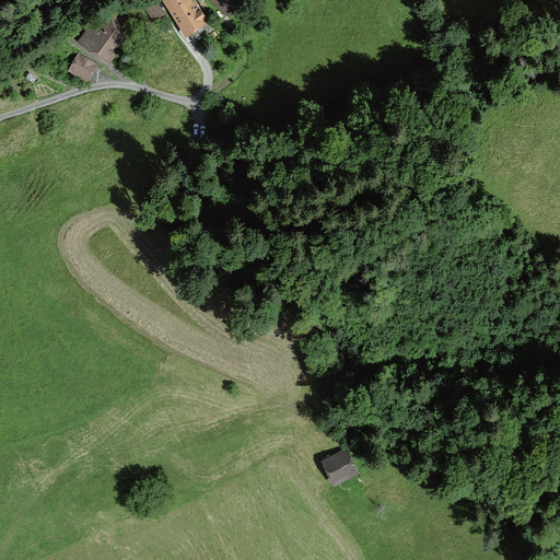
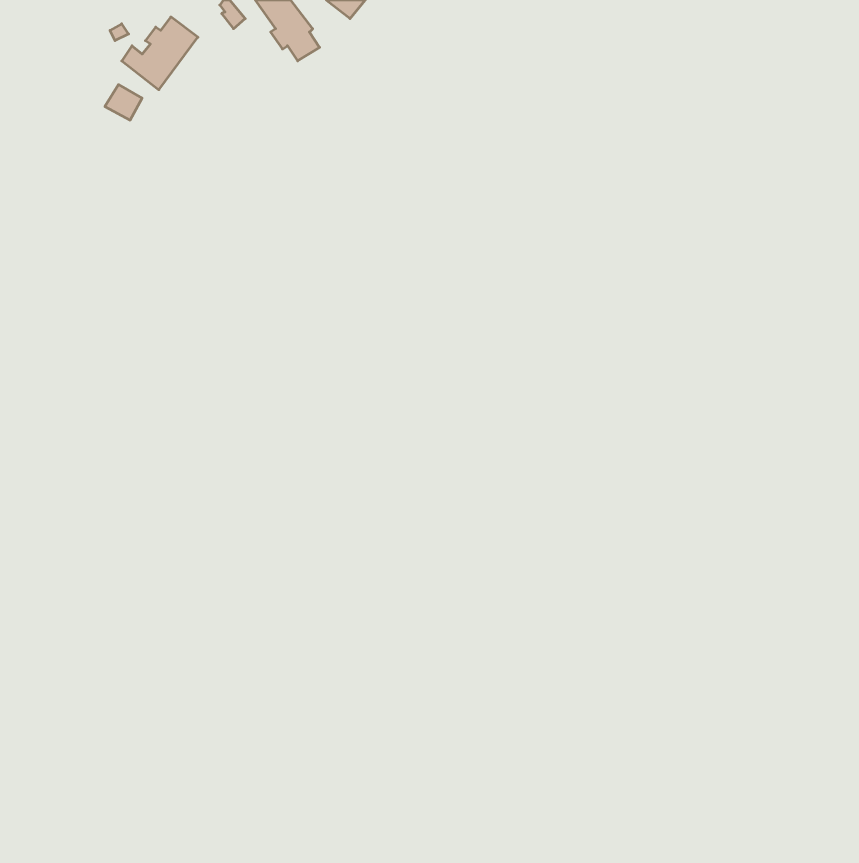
building: [324,453,353,479] -> none

